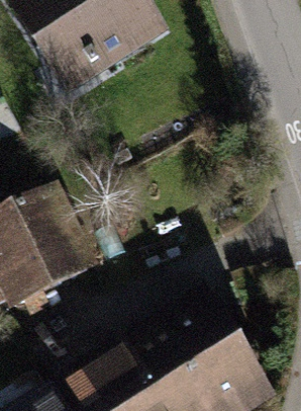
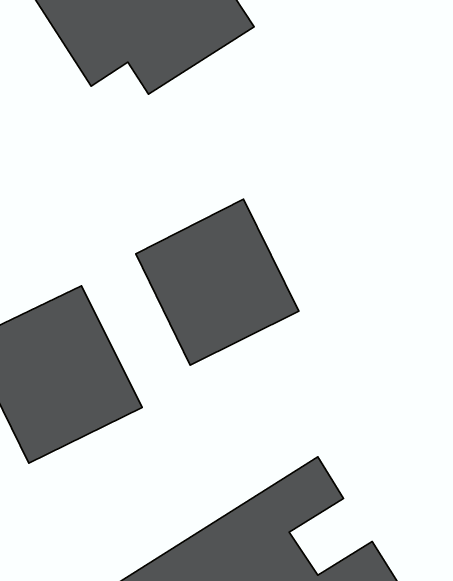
building: none -> [136,199,299,365]

